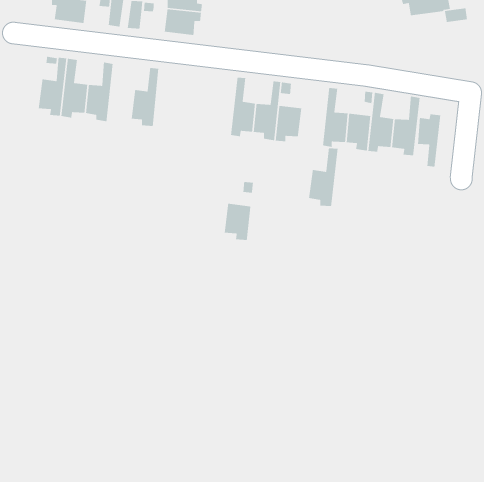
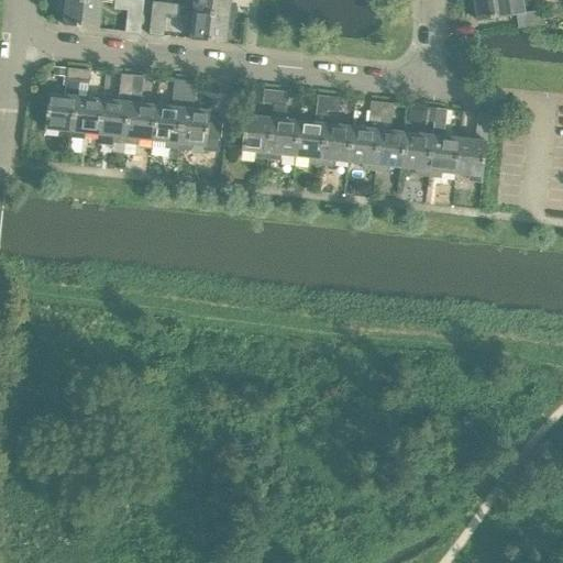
building: none -> [124,74,156,143]
building: none -> [178,79,222,150]
building: [417,113,441,167] -> none
building: [308,147,339,207] -> [346,100,382,169]
building: [224,181,254,241] -> [240,88,275,157]

